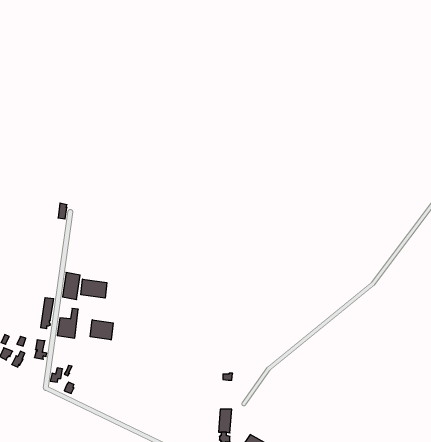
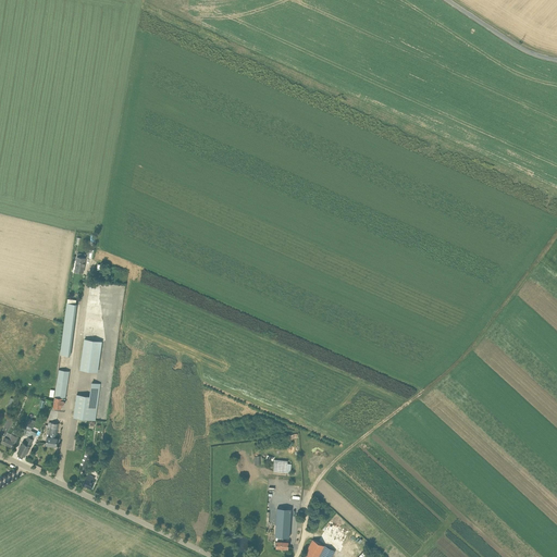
building: [81,279,107,298] -> none
building: [90,320,113,340] -> none

